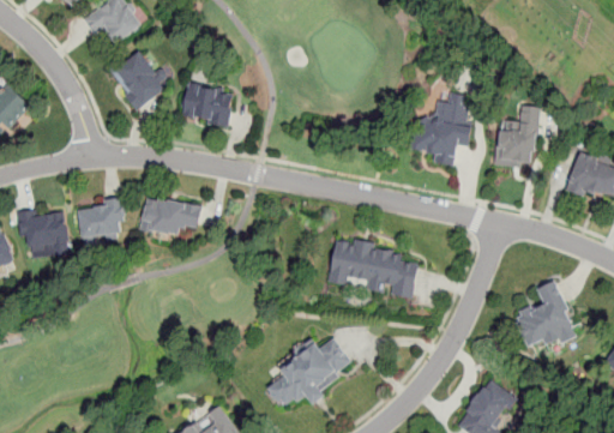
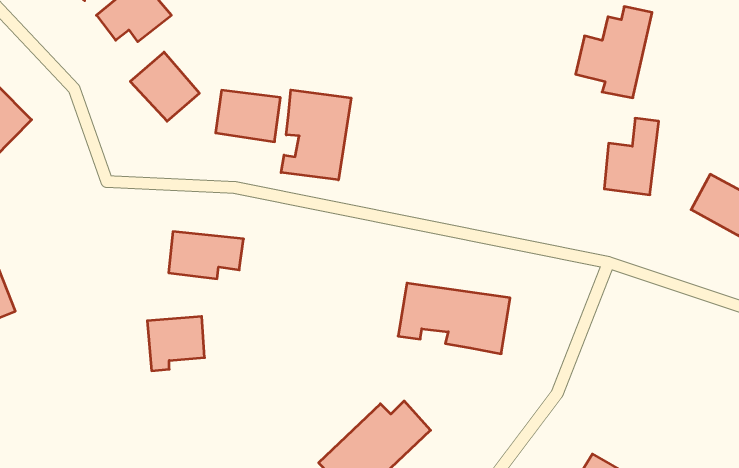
building: none -> [281,90,351,180]
building: [409,92,471,167] -> [576,7,652,98]
building: [78,202,125,246] -> [147,316,205,371]
building: [20,206,67,258] -> none
building: [512,279,577,351] -> none

